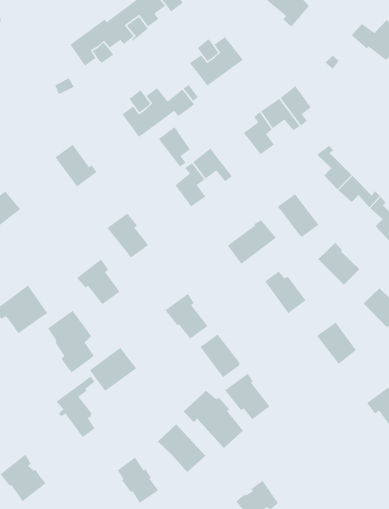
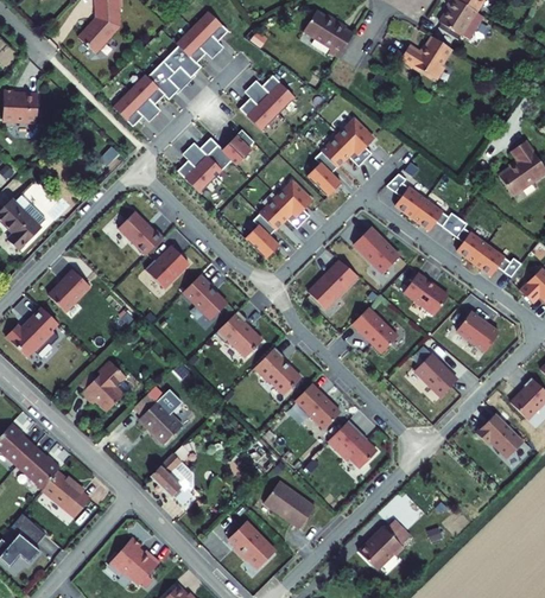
building: [158,126,191,168] -> [273,178,309,220]
building: none -> [142,243,188,287]
building: [76,259,121,305] -> [213,308,260,356]
building: [89,347,137,392] -> none
building: [183,390,244,449] -> none

